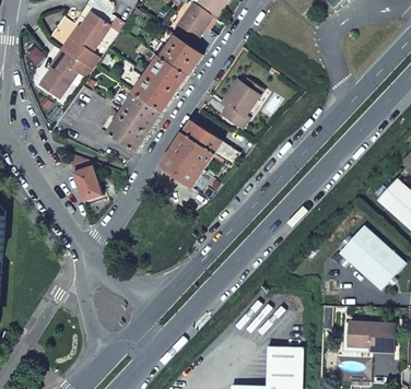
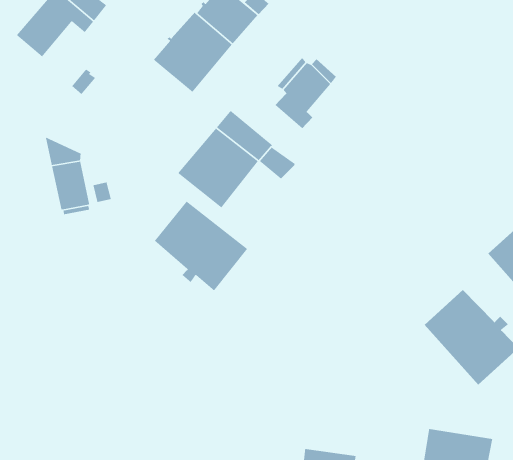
building: [107,92,164,152] -> none
building: none -> [154,200,248,291]

